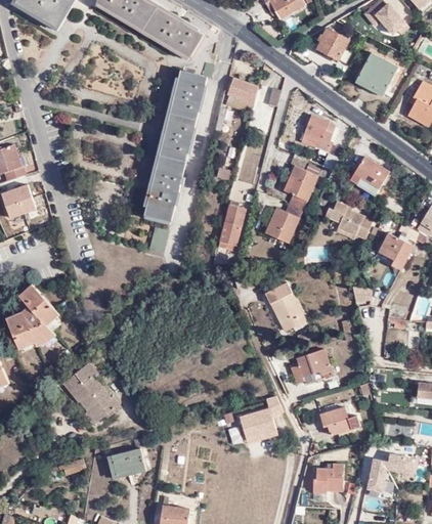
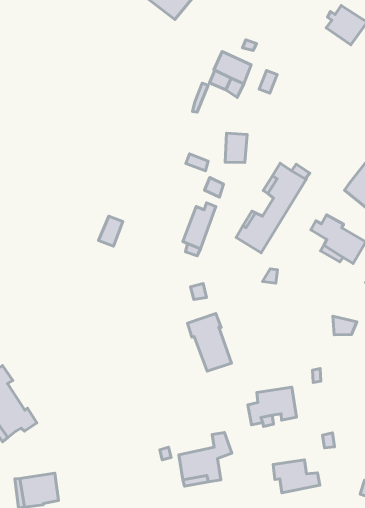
building: [145,63,213,220] -> none
building: [300,114,338,170] -> none
building: [266,283,307,333] -> [187,313,231,371]

